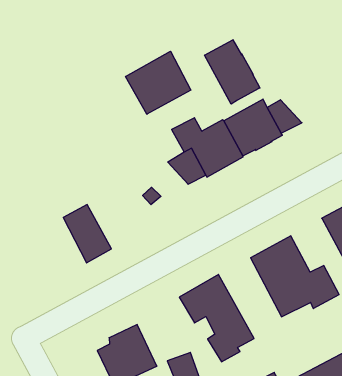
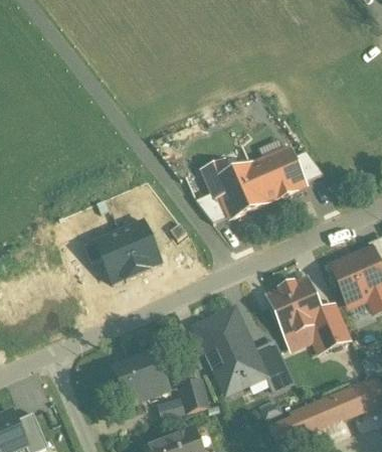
building: [205,40,260,104] -> none
building: [126,51,191,114] -> none
building: none -> [118,221,163,276]
building: none -> [252,337,294,389]

